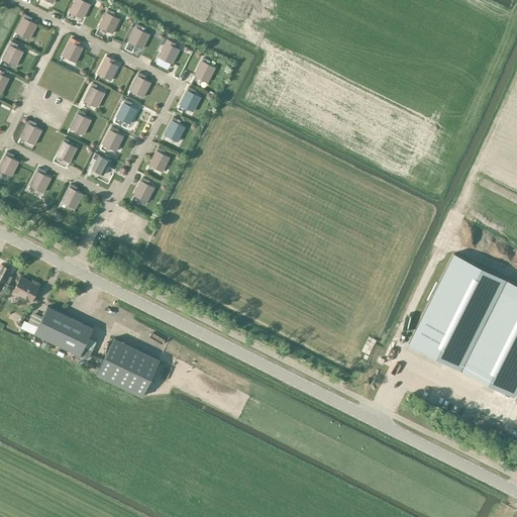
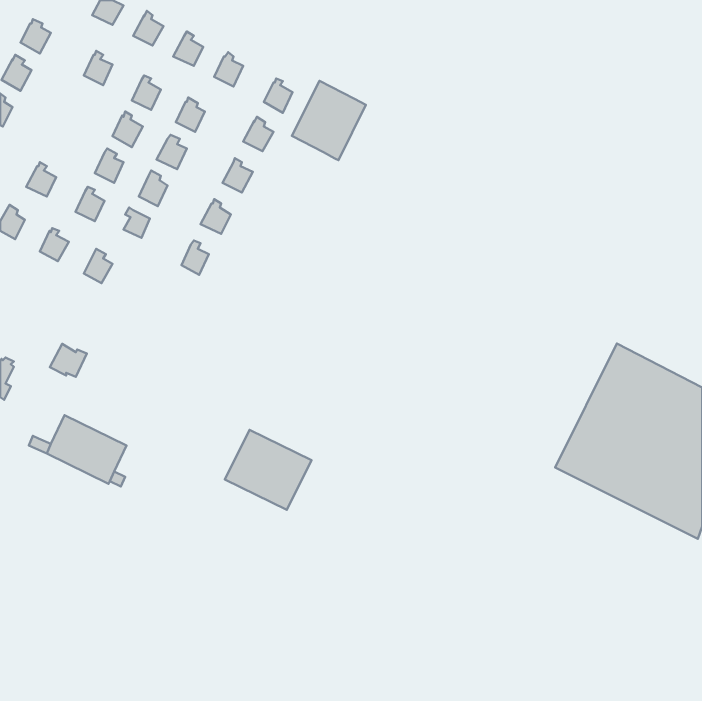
building: none -> [292,81,366,160]
building: [12,278,39,302] -> [50,344,87,377]
building: [95,339,159,398] -> [225,430,311,510]

